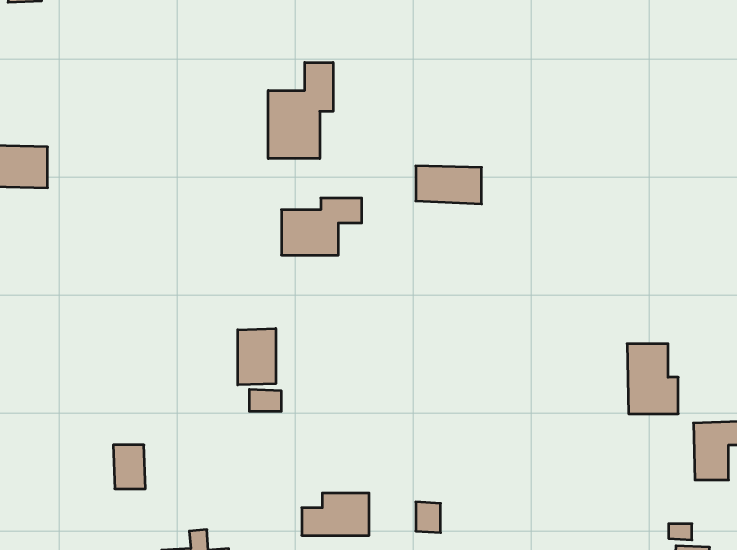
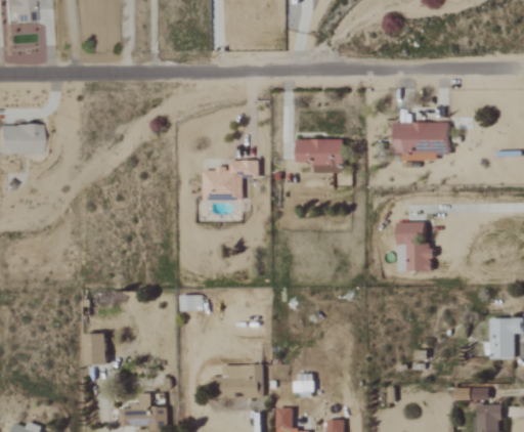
building: [268,62,333,159] -> none
building: none -> [394,122,448,161]
building: [238,328,276,385] -> none
building: [627,344,678,414] -> [396,222,432,271]

